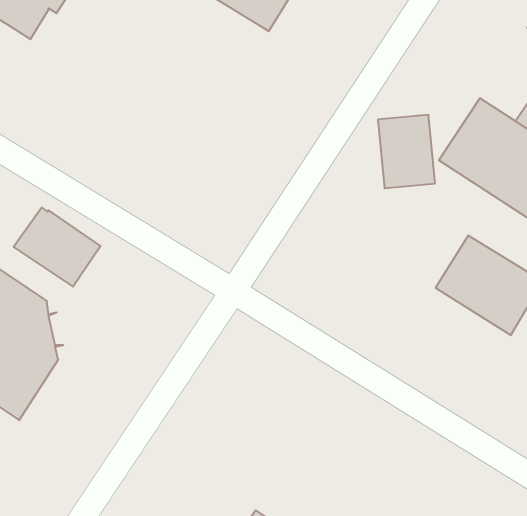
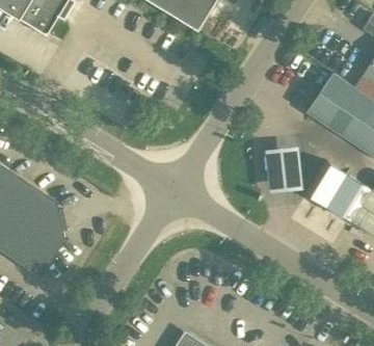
building: [378,115,435,188] -> [264,137,300,184]
building: [14,208,100,287] -> none

